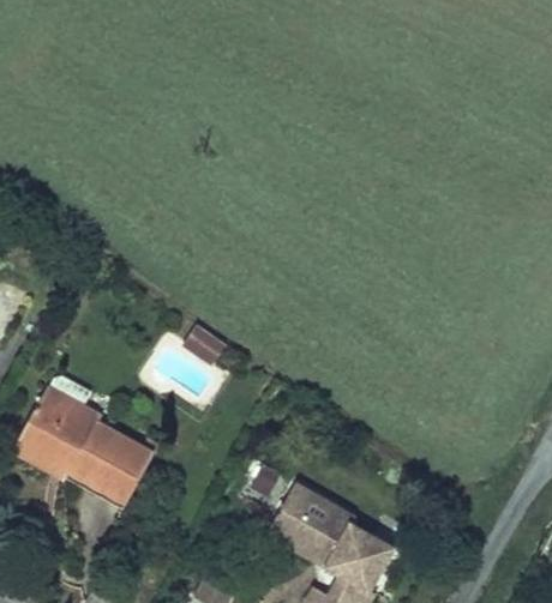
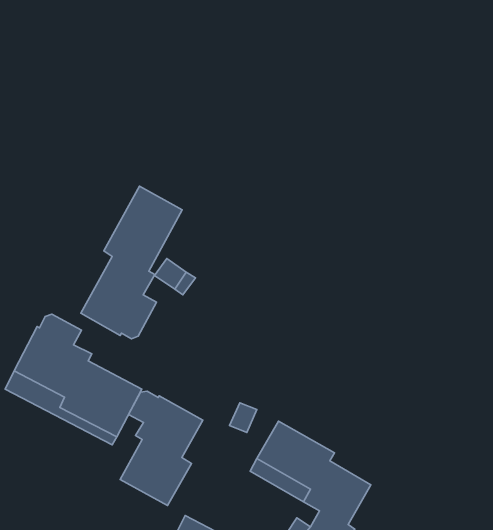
building: none -> [81,186,182,339]
building: none -> [120,391,203,506]

